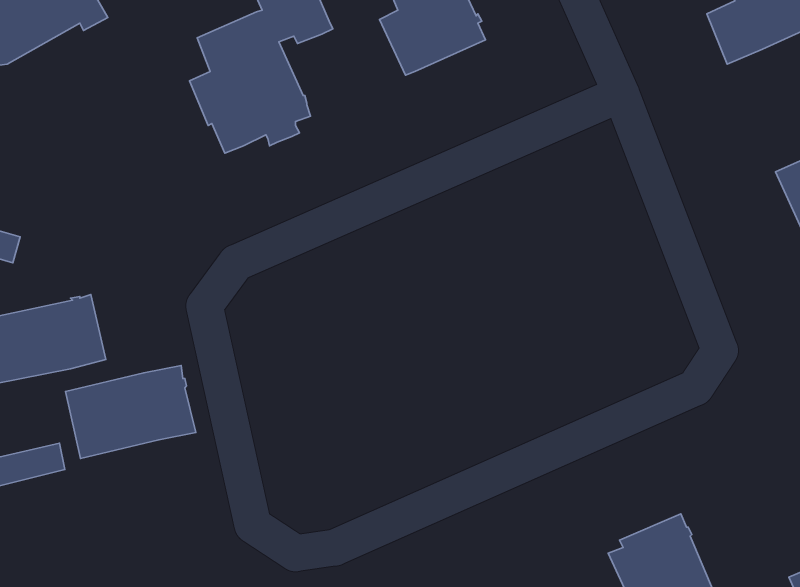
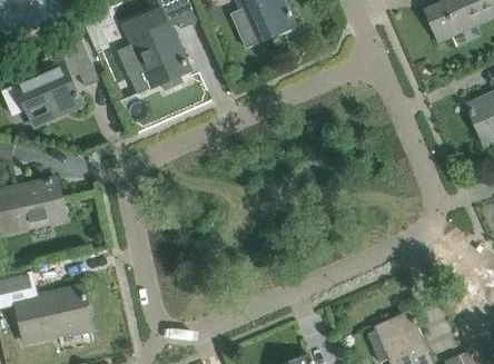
building: none -> [14,39,99,126]
building: [66,365,196,458] -> [13,286,91,342]

